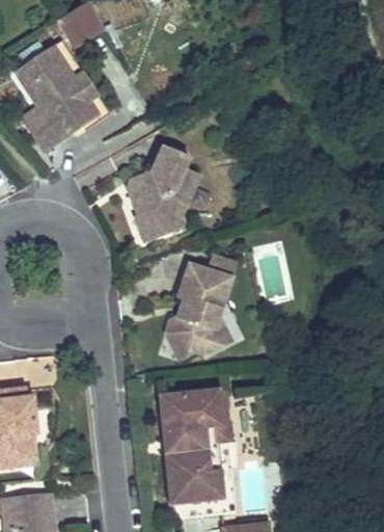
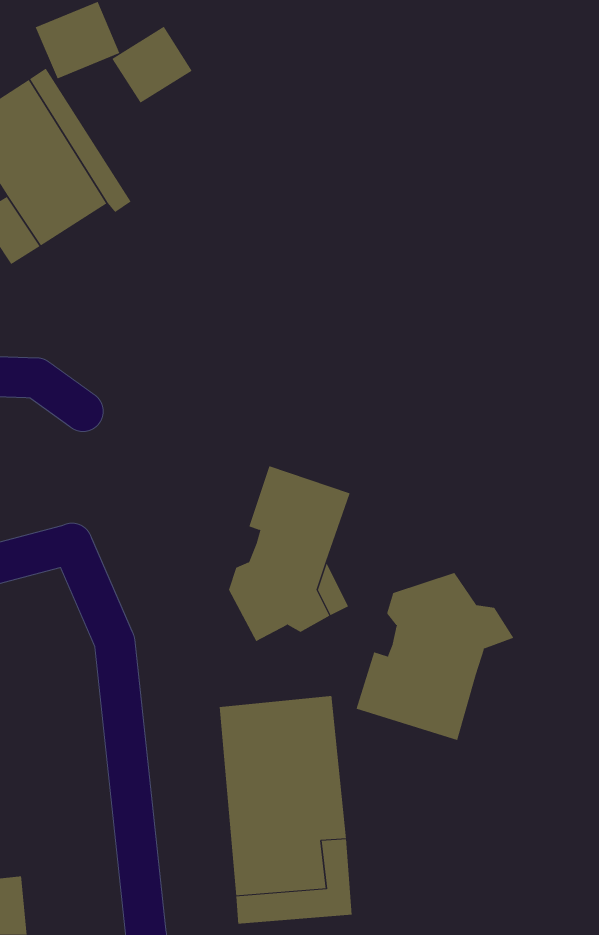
building: none -> [112,26,193,104]
building: [128,144,199,239] -> none
building: none -> [356,572,514,741]

